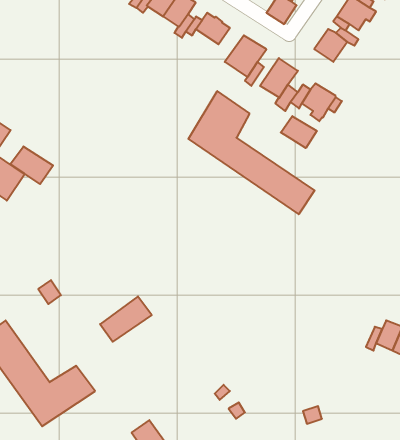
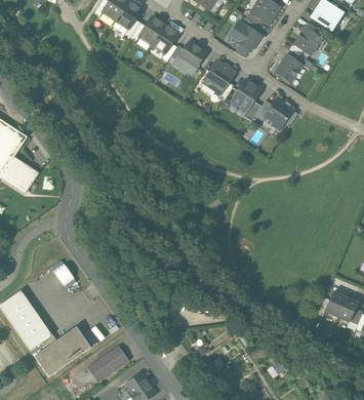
building: [188,91,315,214] -> none
building: [281,116,317,148] -> none
building: [10,146,53,184] -> none
building: [100,296,152,342] -> [87,345,129,382]

